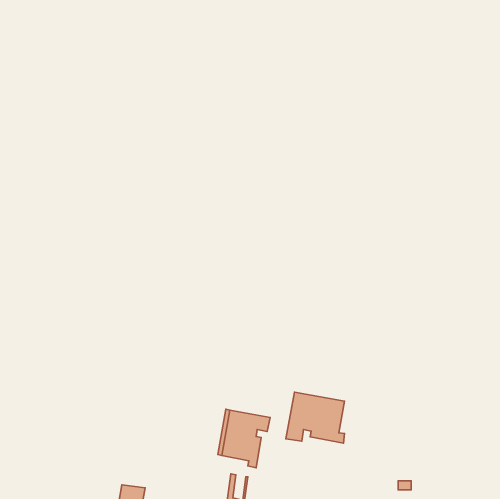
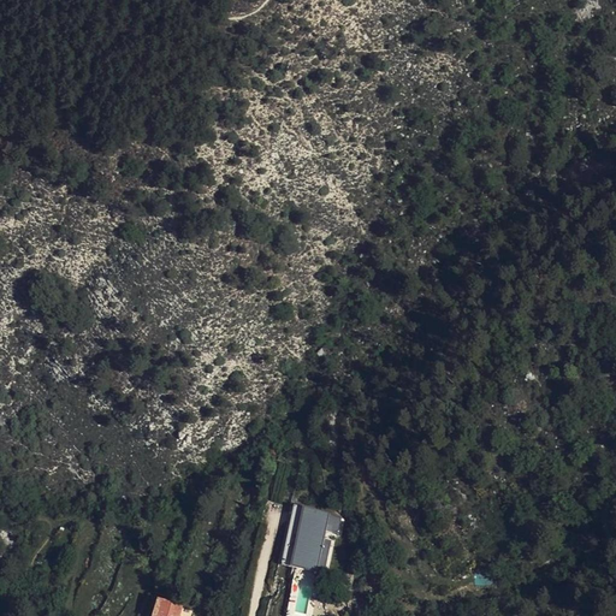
building: [286,392,345,443] -> none

